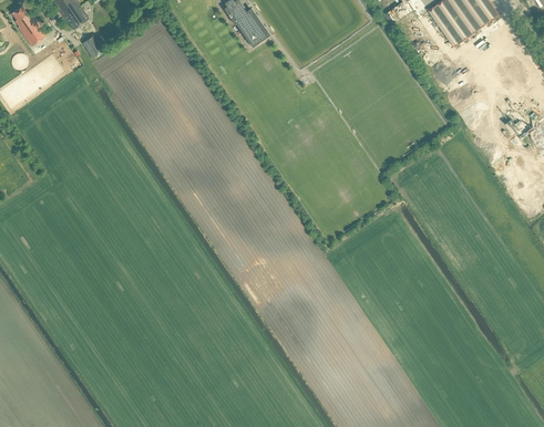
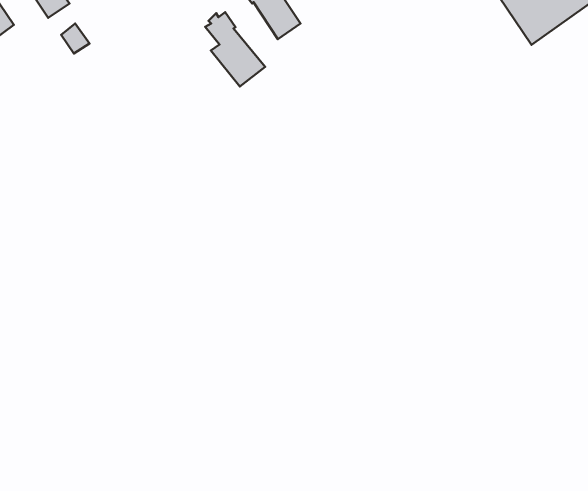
building: none -> [205,12,265,86]

